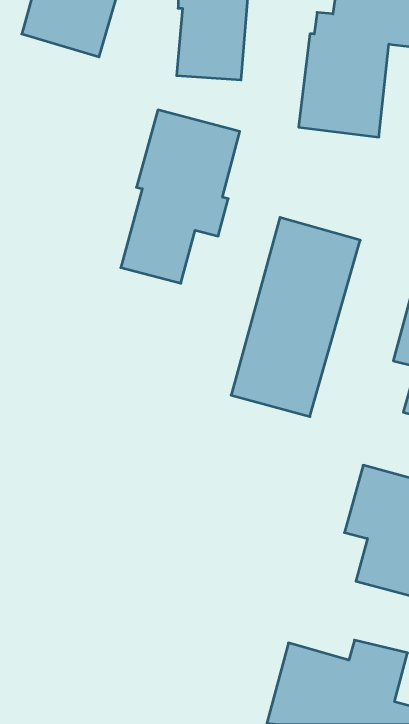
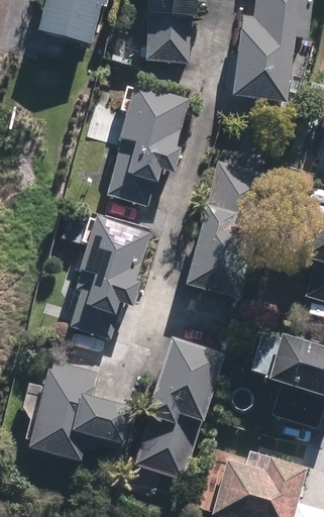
building: none -> [69,215,150,339]
building: none -> [135,337,224,479]
building: none -> [26,359,132,461]

